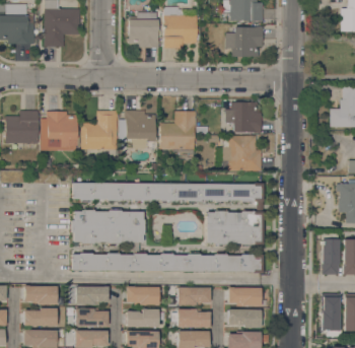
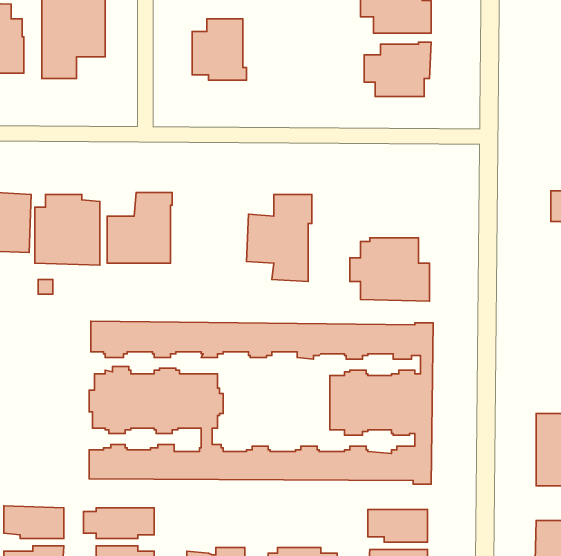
building: [163,6,197,48] -> none
building: [226,101,261,132] -> none
building: [119,110,157,148] -> none
building: [126,286,158,304] -> none
building: [176,287,210,304] -> none

